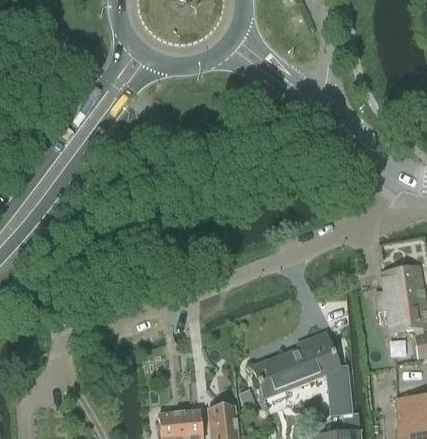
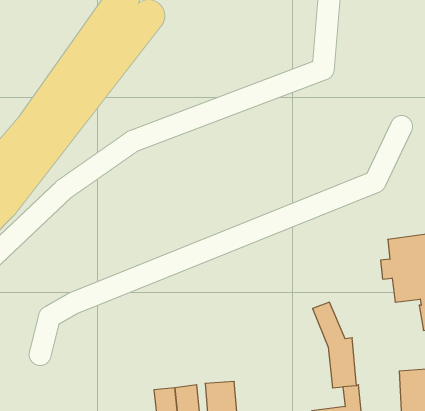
building: [254,337,327,399] -> none

